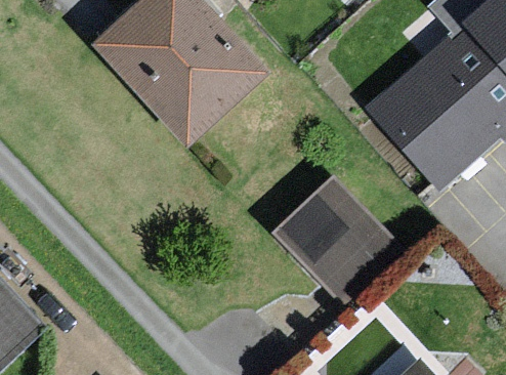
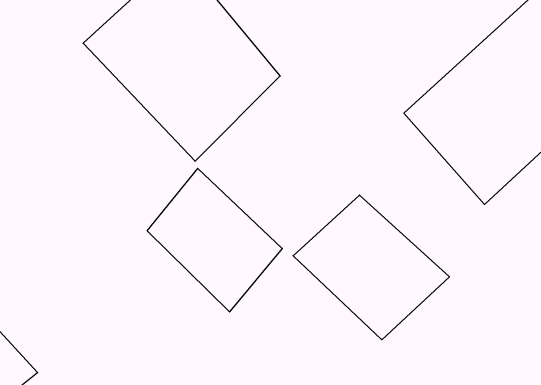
building: none -> [147,168,282,312]

